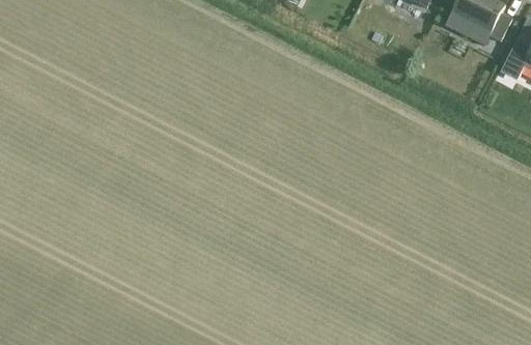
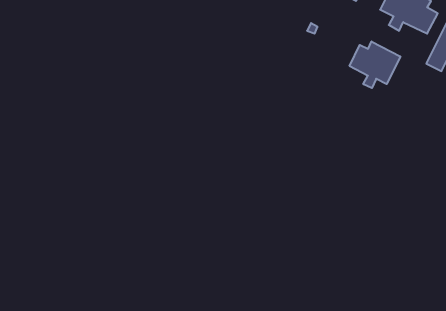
building: none -> [350,41,400,88]

